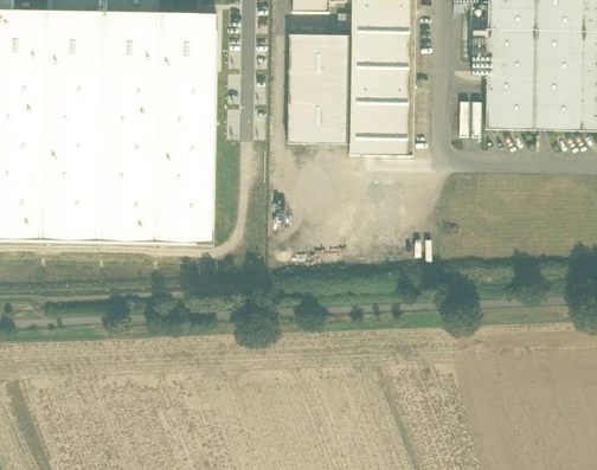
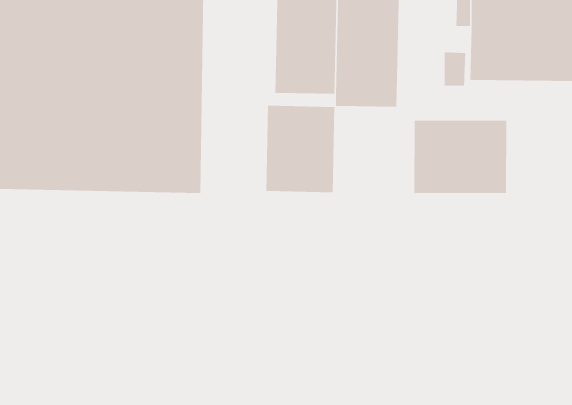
building: none -> [265,105,335,193]
building: none -> [414,120,507,194]

